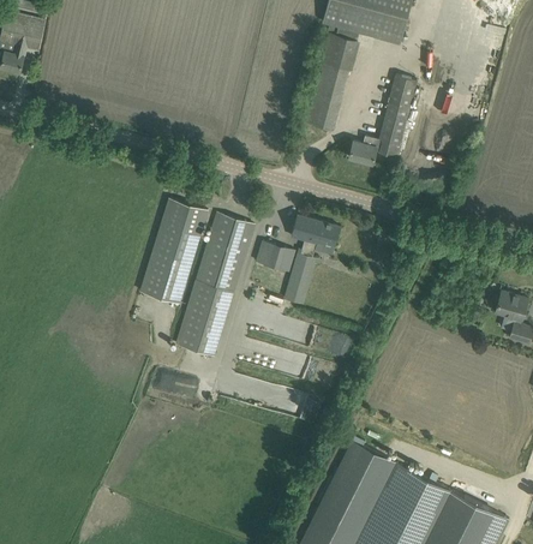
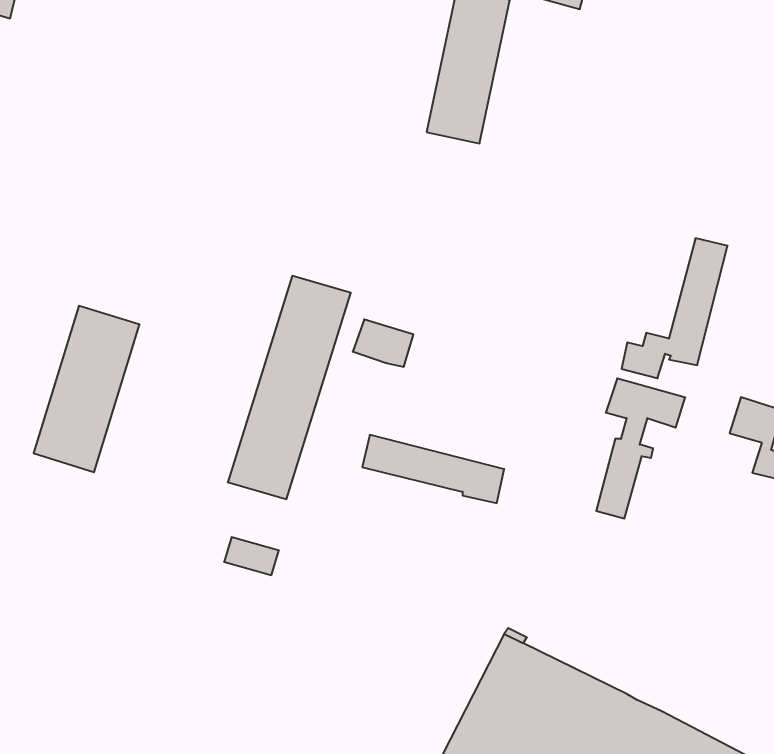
building: [349,76,417,165] -> [622,238,728,378]
building: [140,198,208,304] -> [34,306,140,472]
building: [285,215,341,304] -> [596,378,685,518]

